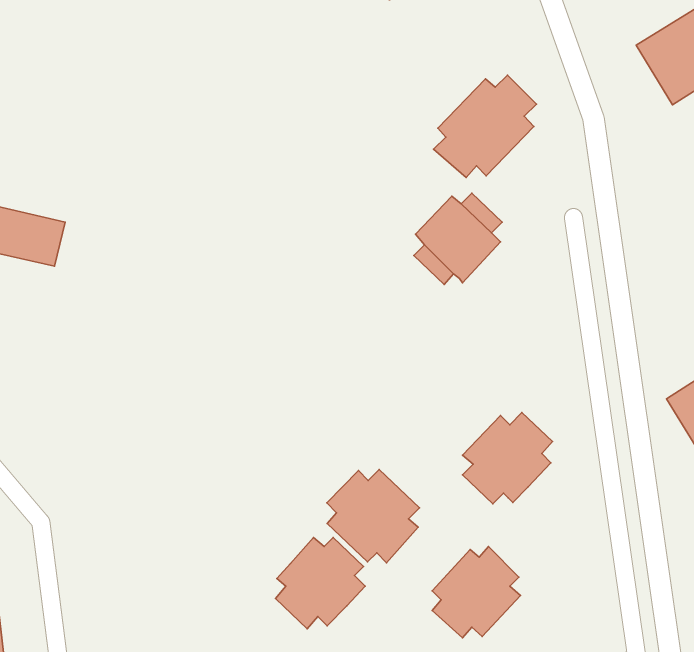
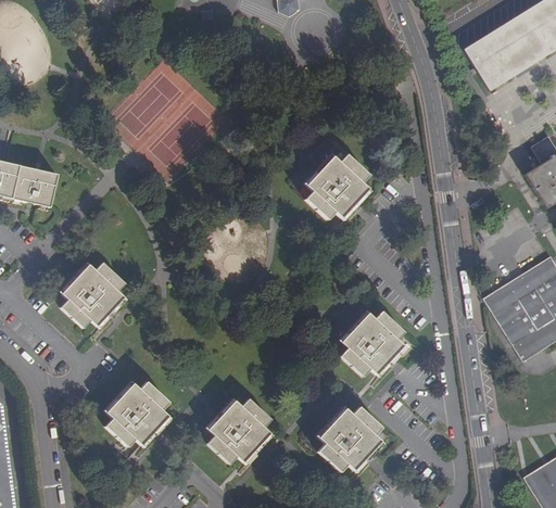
building: [434,75,536,178] -> none
building: none -> [60,262,124,327]
building: [327,470,419,563] -> none
building: none -> [104,380,167,445]

